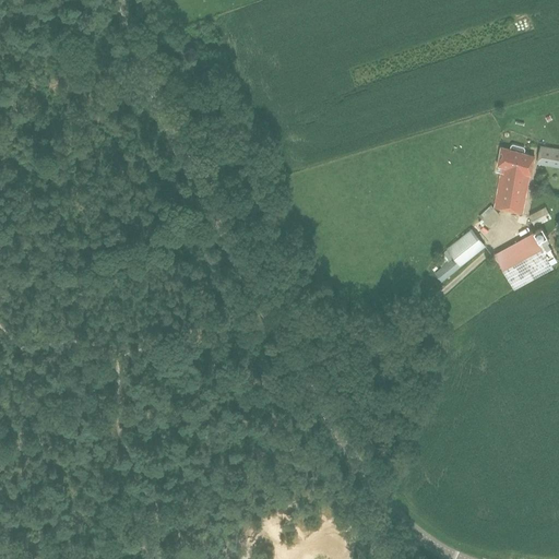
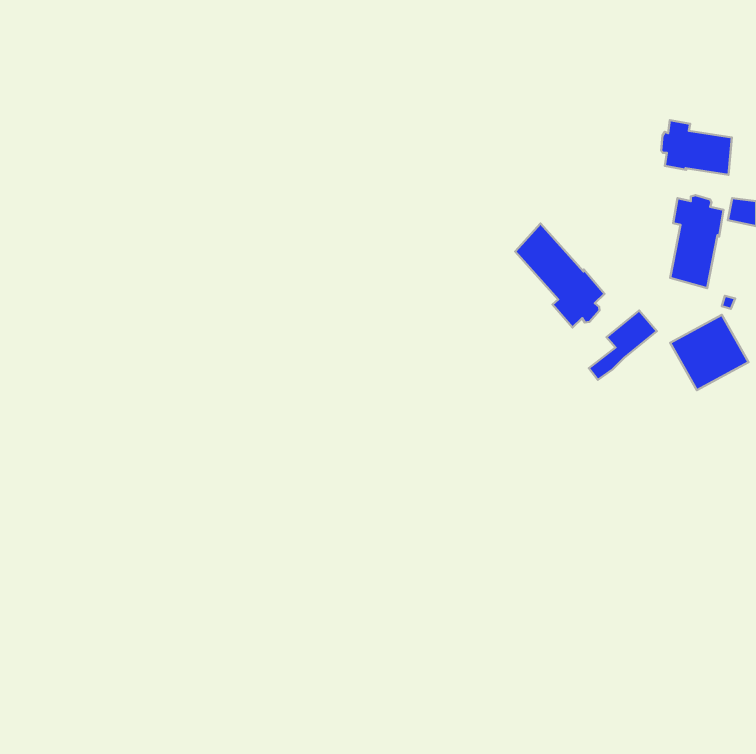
building: none -> [661,120,732,175]
building: none -> [515,223,605,327]

